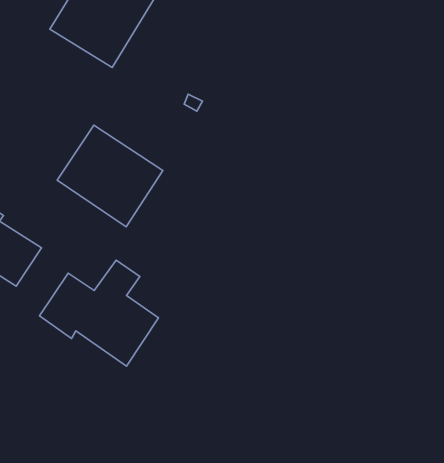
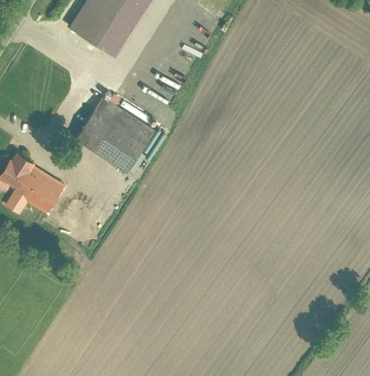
building: [39,260,159,366] -> none

